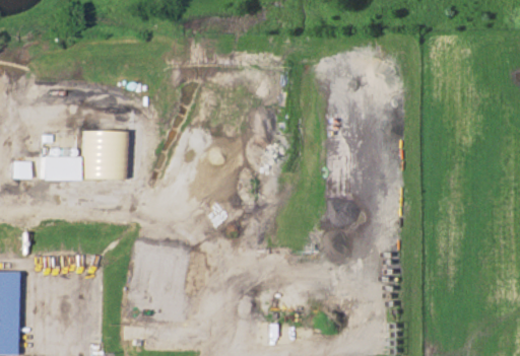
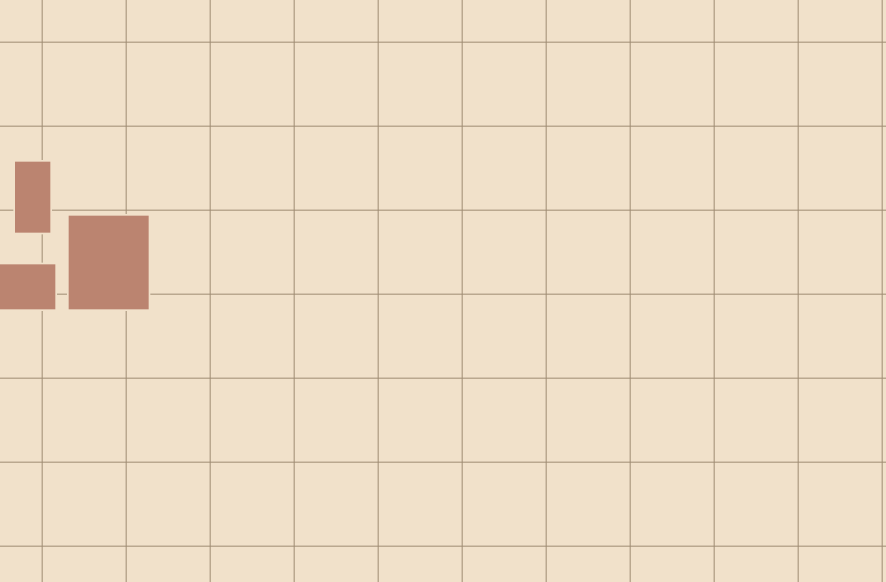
building: none -> [14,161,51,234]

